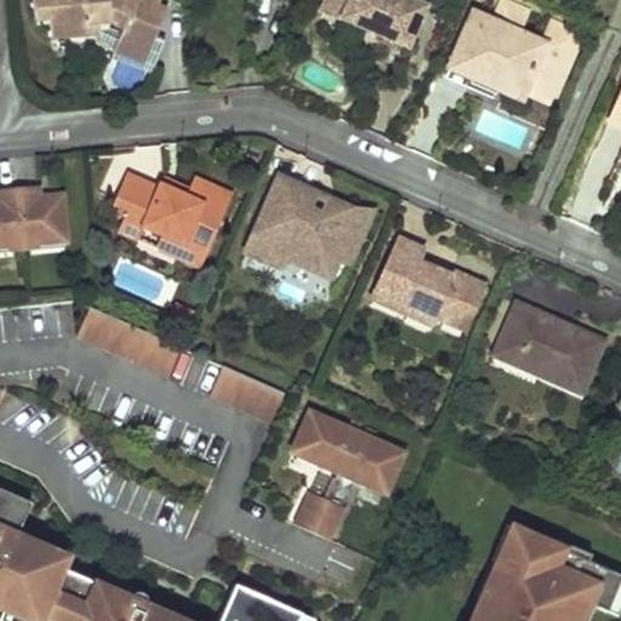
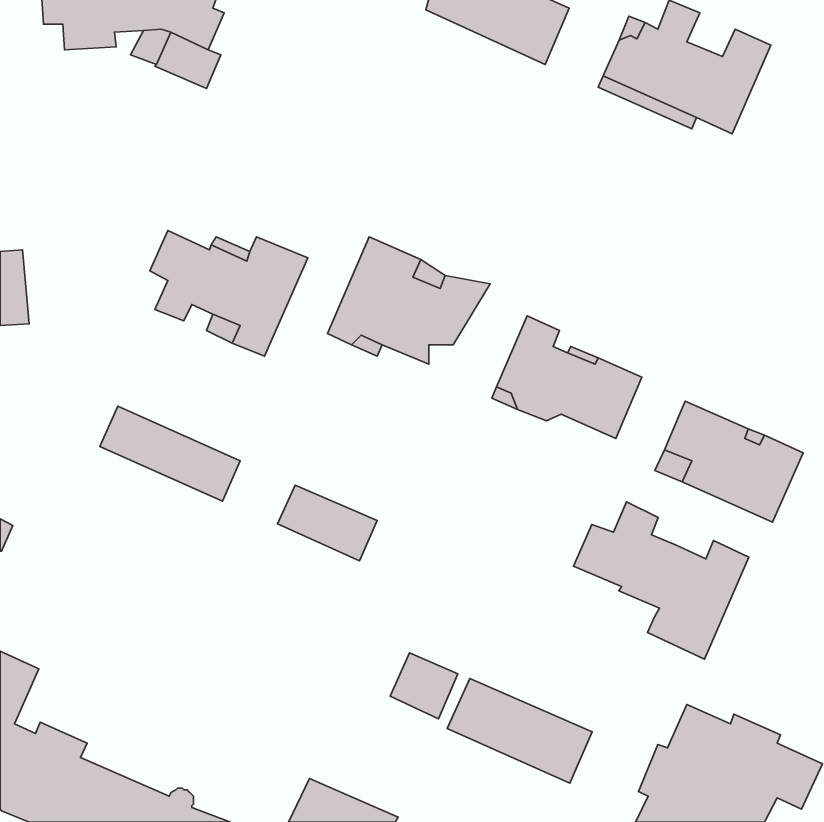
building: [17,186,64,244] -> none
building: none -> [574,502,749,659]
building: [292,414,401,492] -> [447,679,592,783]

